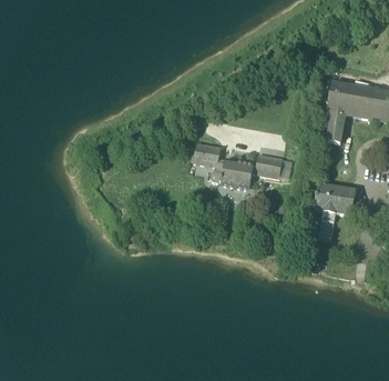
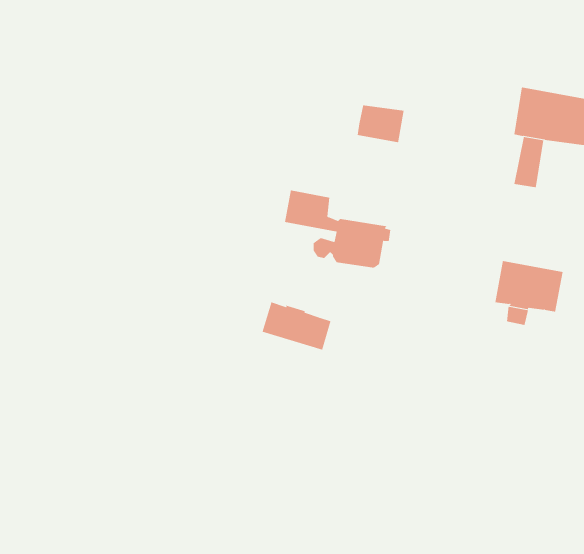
building: [254,154,281,177] -> [357,105,404,143]
building: none -> [262,301,331,350]

